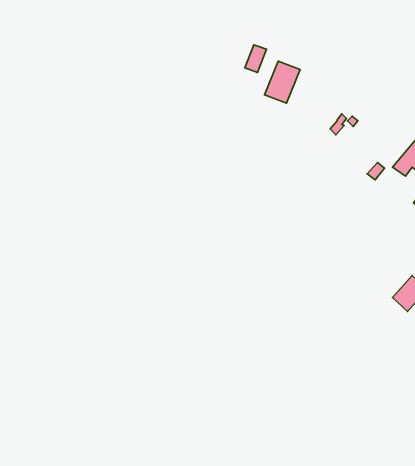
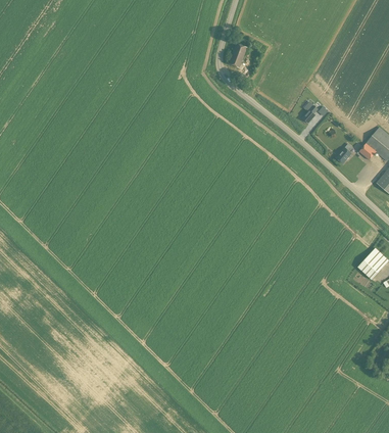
building: [265,61,300,103] -> none

